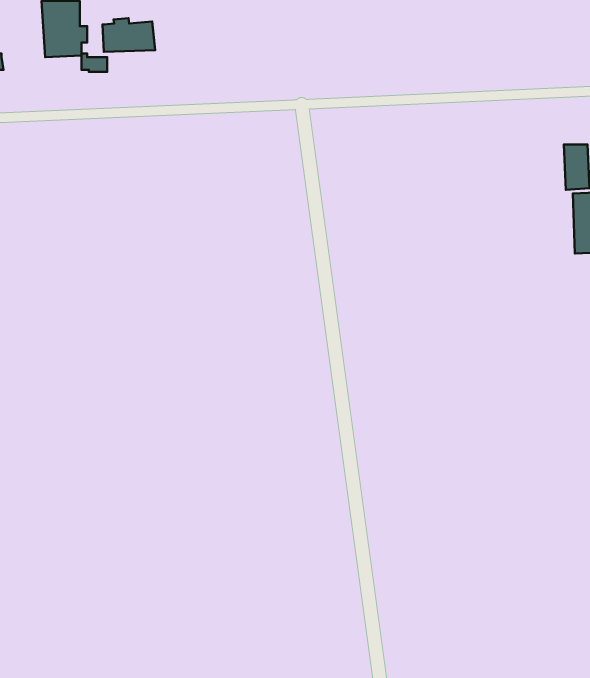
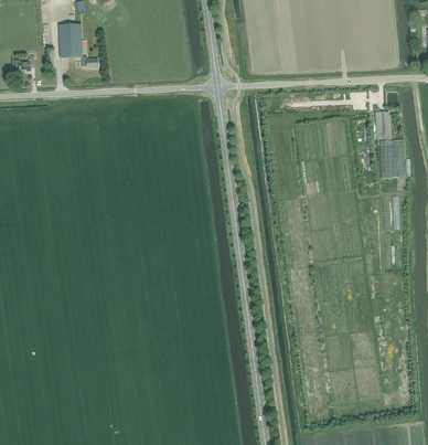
building: [103,18,155,52] -> none

